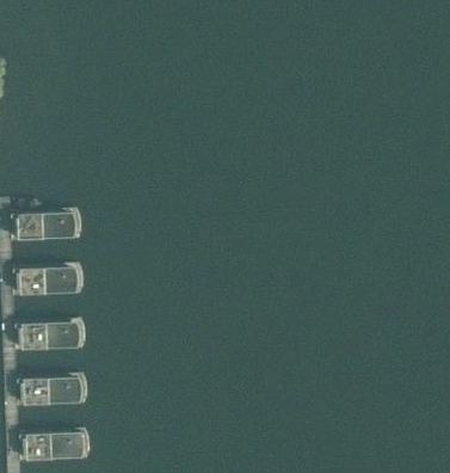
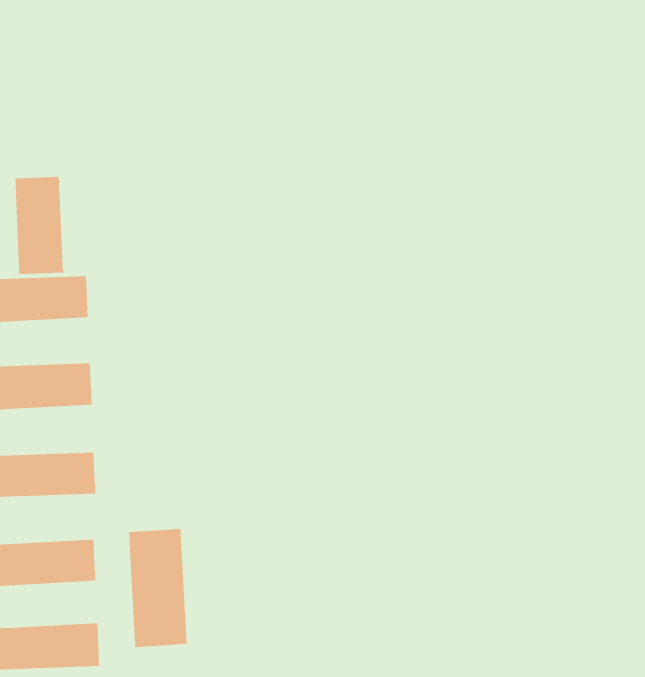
building: none -> [15,176,63,275]
building: none -> [129,528,187,648]

